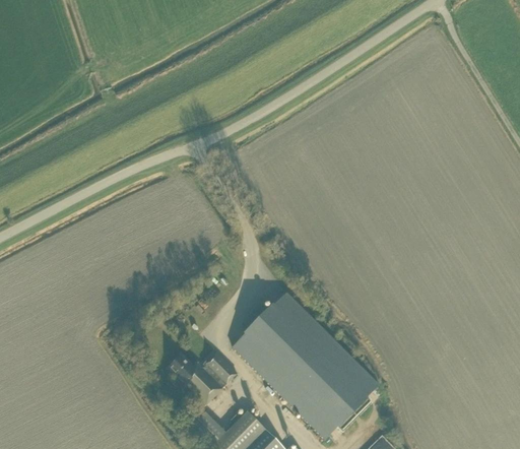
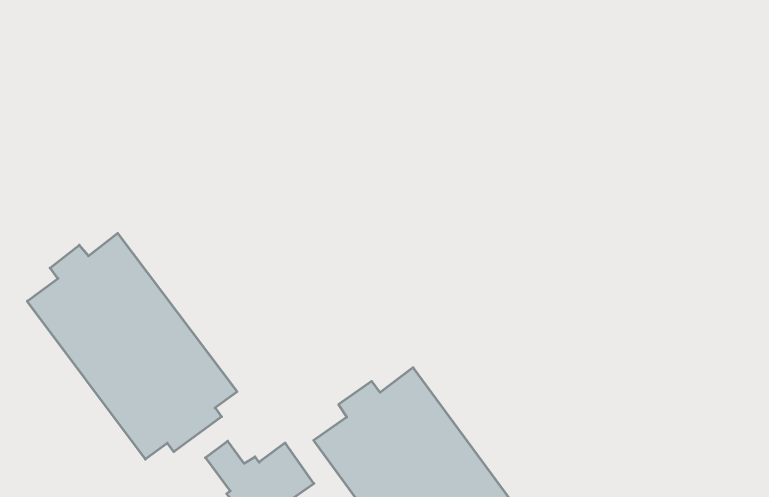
building: none -> [27,233,237,459]

